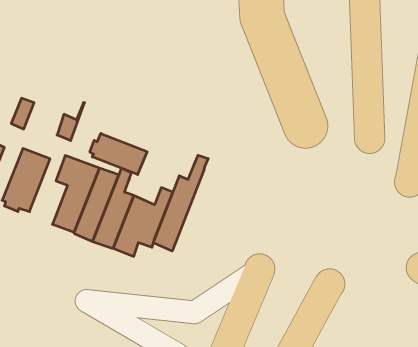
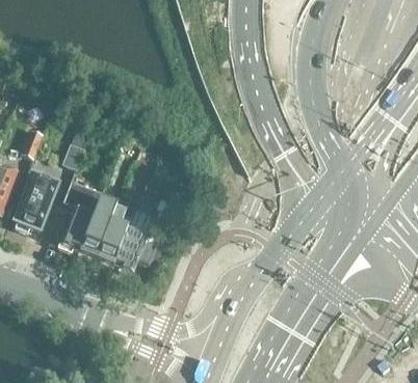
building: [90,133,147,175] -> none
building: [153,155,208,251] -> none

